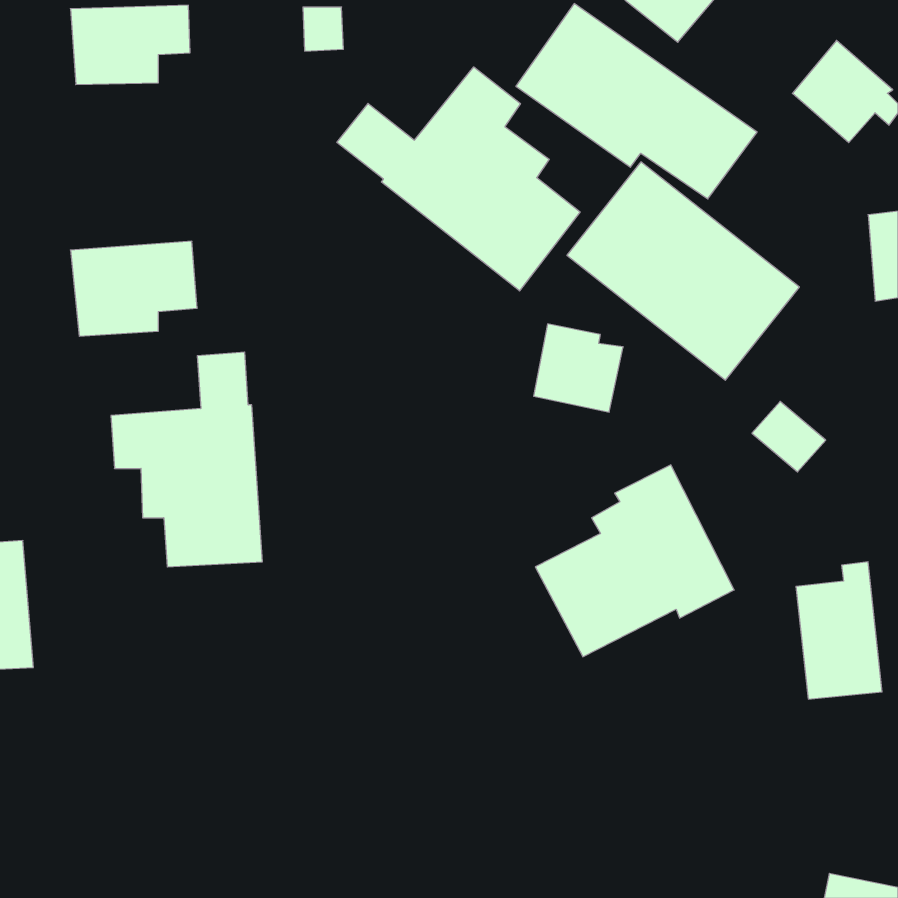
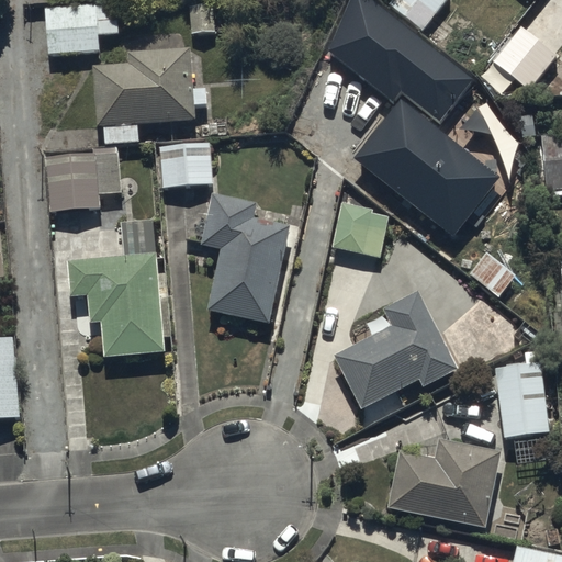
building: [337,67,580,291] -> none
building: none -> [94,48,194,144]
building: none -> [160,144,212,187]
building: none -> [201,190,290,323]
building: none -> [390,437,503,527]

